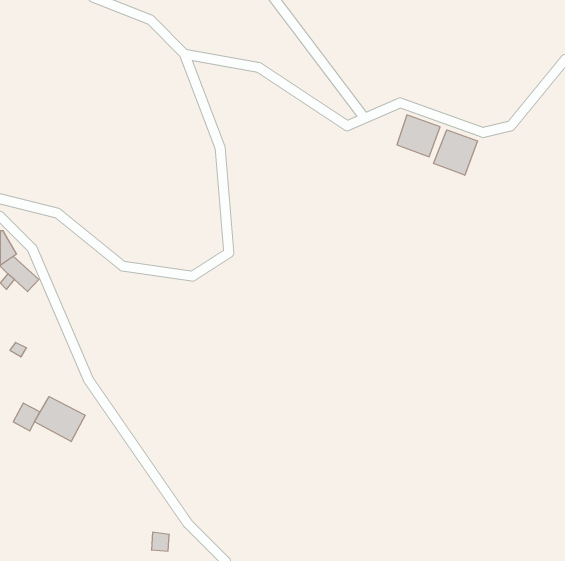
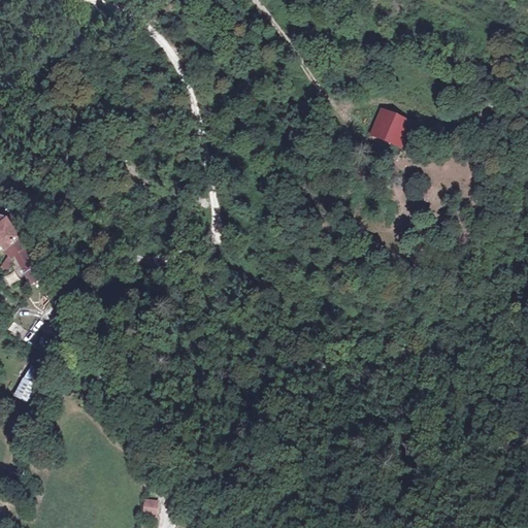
building: [433,130,477,175] -> none
building: [34,397,85,442] -> none

